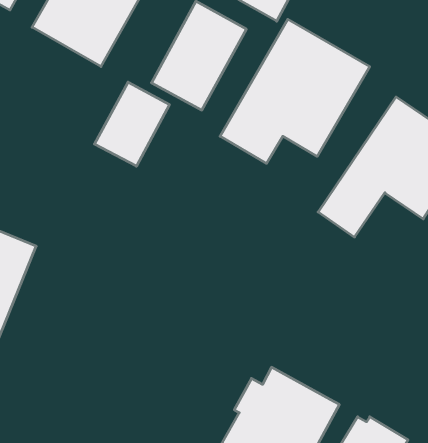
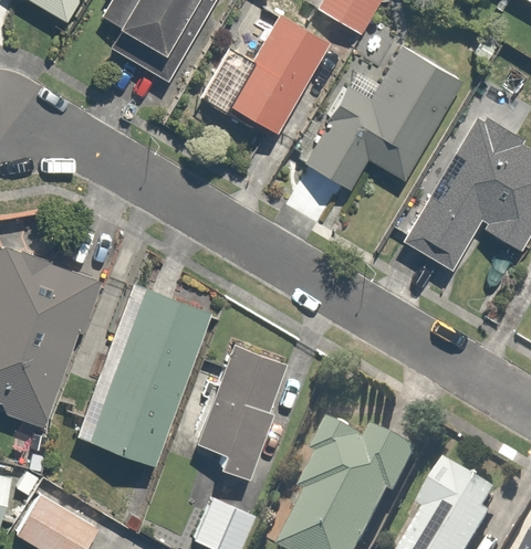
building: [94,82,169,166] -> none
building: none -> [88,286,207,465]
building: none -> [196,341,293,476]

